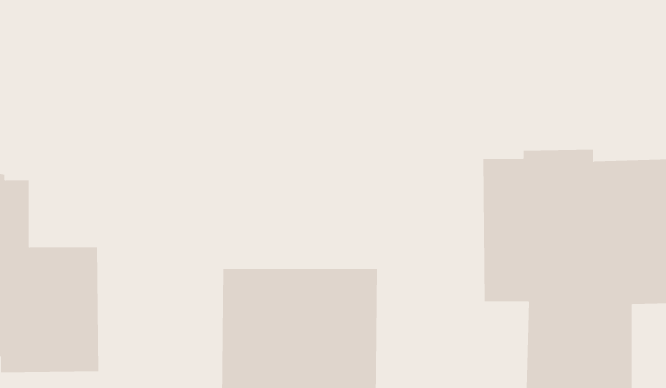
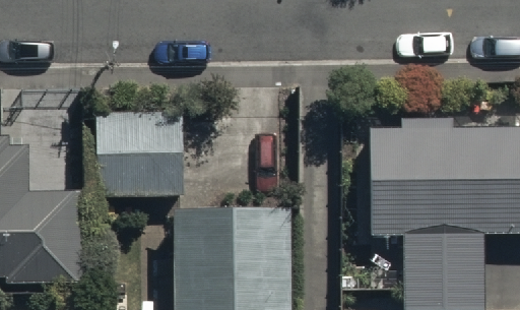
building: none -> [98,113,184,198]

